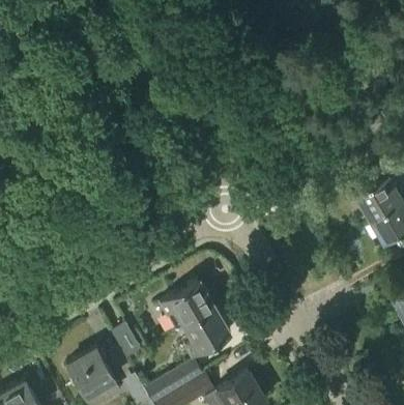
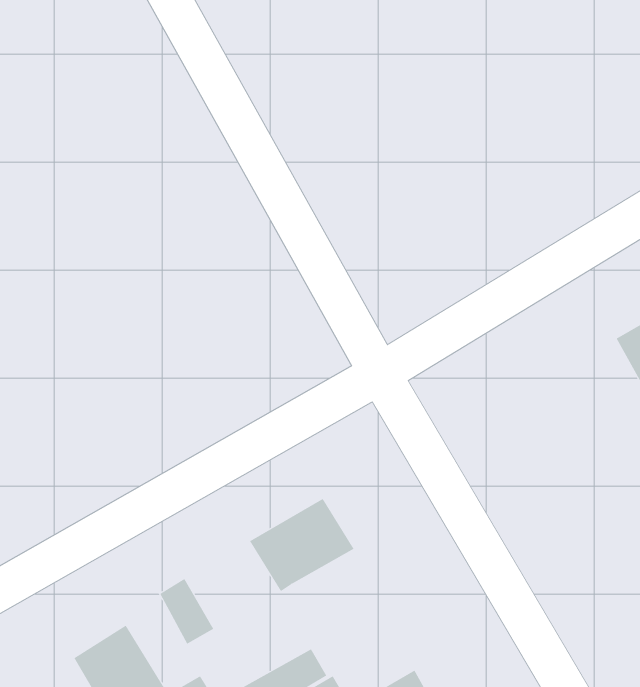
building: [183,307,231,356] -> none

